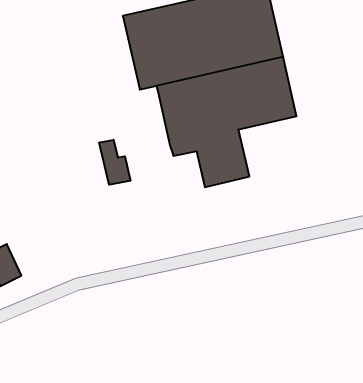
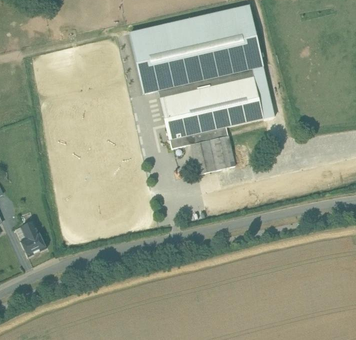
building: [99,140,130,185] -> none

